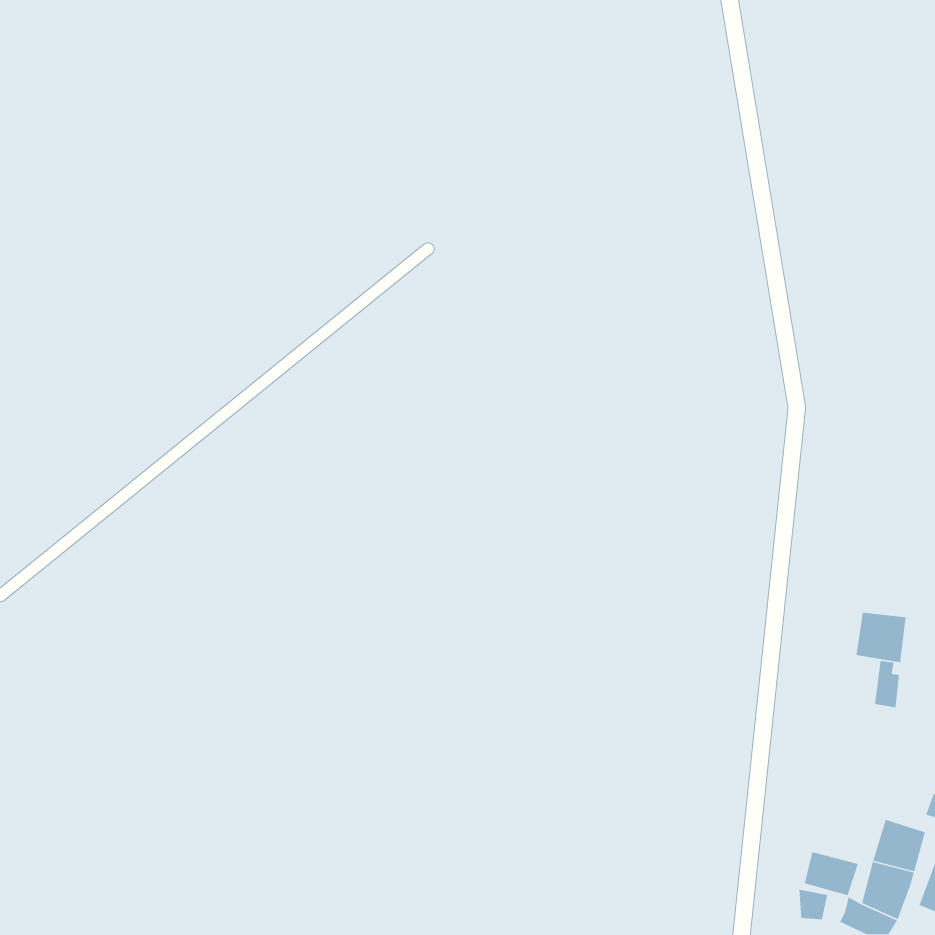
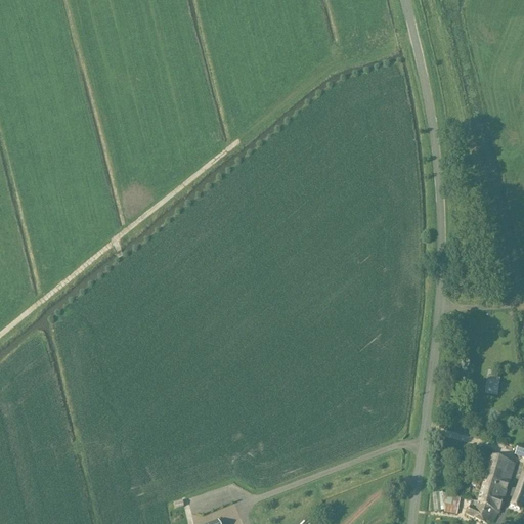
building: [856,612,907,663] -> none
building: [804,851,859,896] -> none

